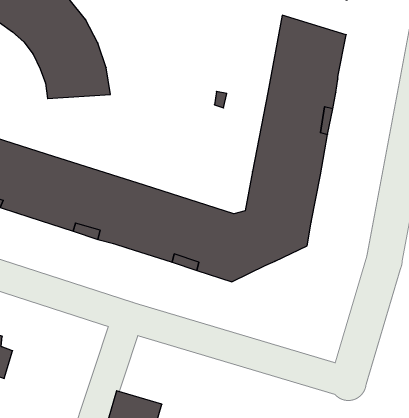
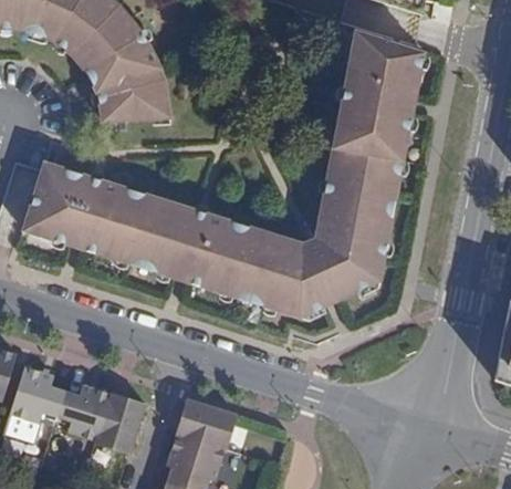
building: none -> [55,385,145,455]
building: none -> [176,397,238,448]

